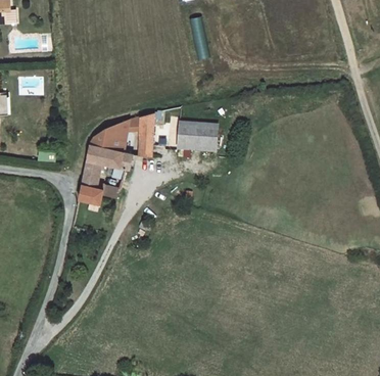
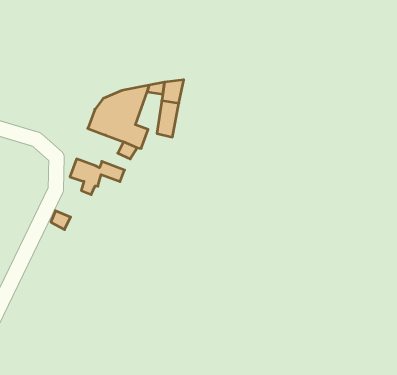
building: [178,123,218,153] -> none
building: [82,160,101,188] -> none

